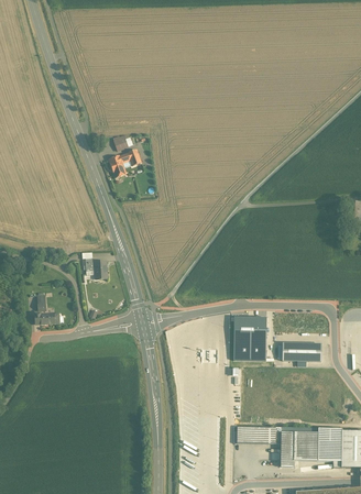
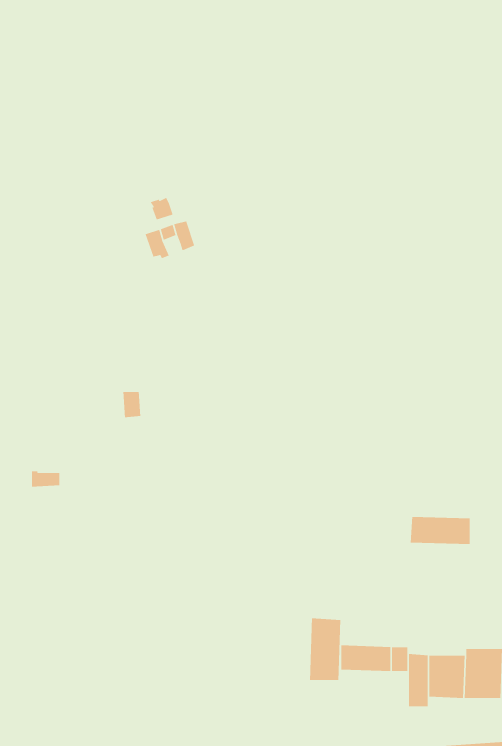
building: [233,316,266,359] -> none
building: none -> [309,618,341,681]

